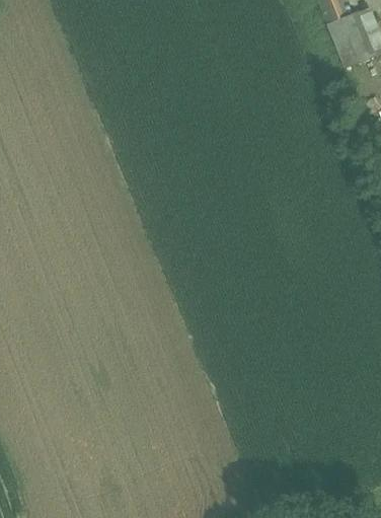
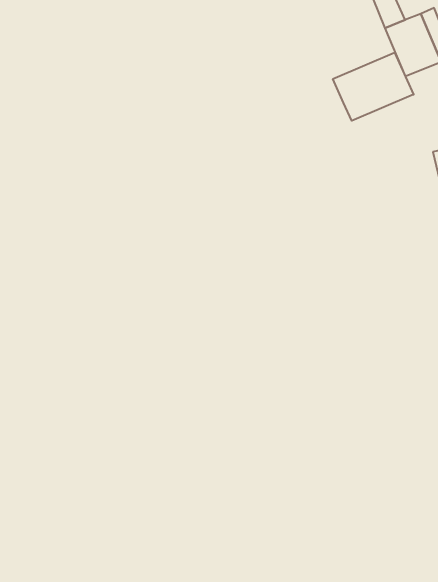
building: none -> [333,53,414,121]

